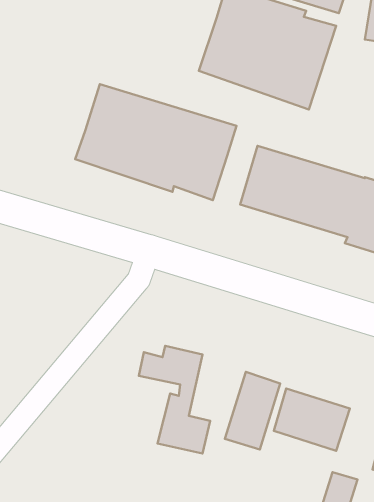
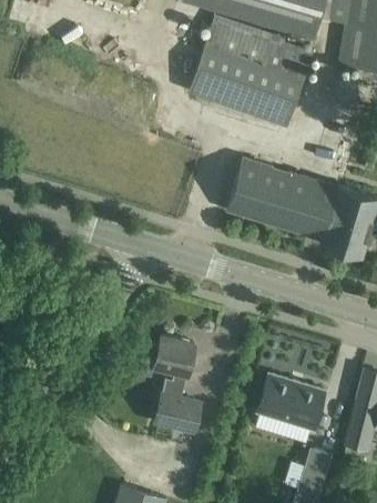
building: [75,84,236,200] -> none
building: [225,372,280,449] -> none

